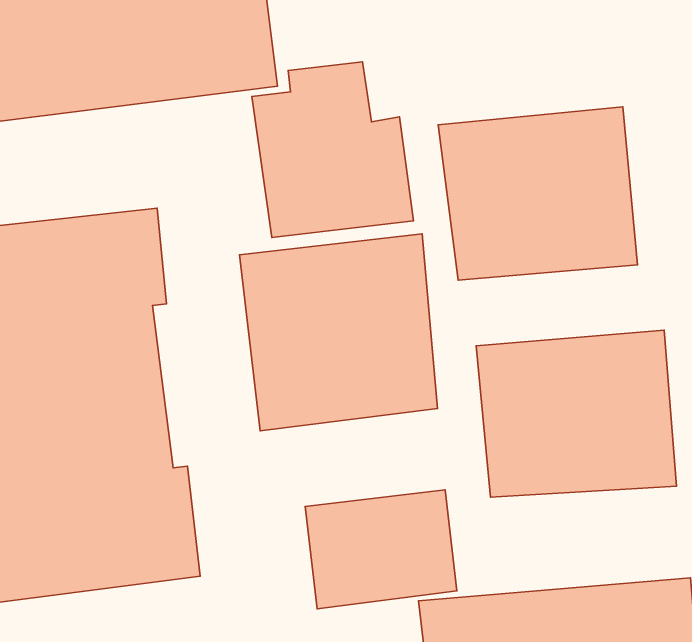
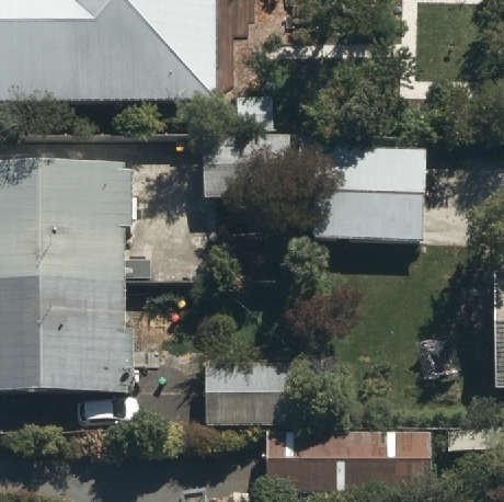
building: [239,234,437,431] -> none
building: [476,330,676,497] -> none

